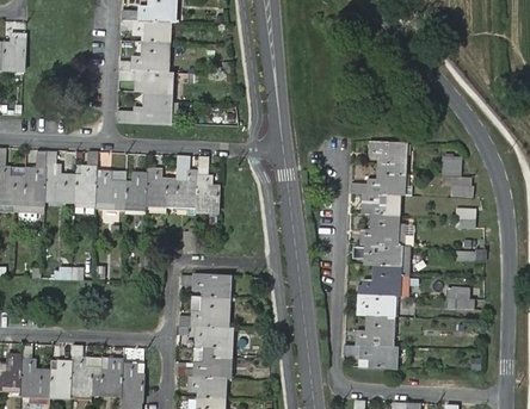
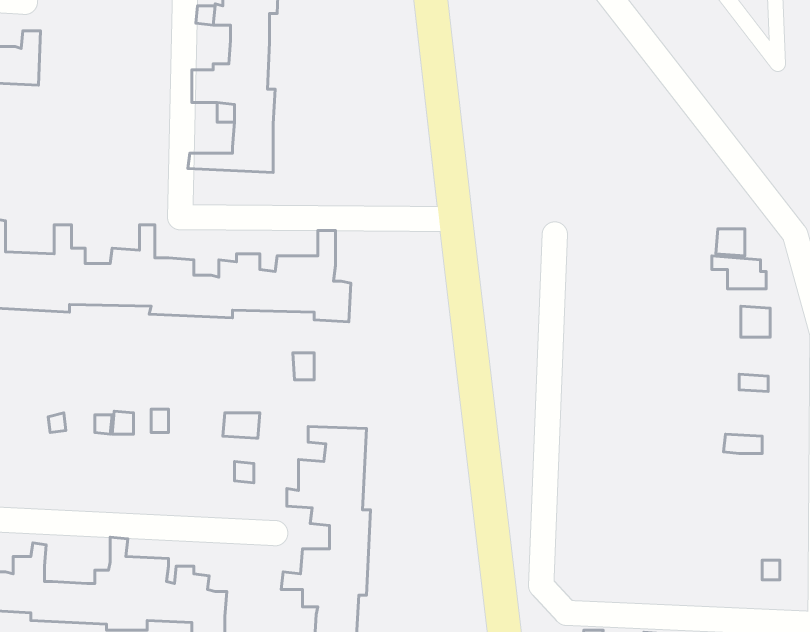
building: [350,140,407,364] -> none

